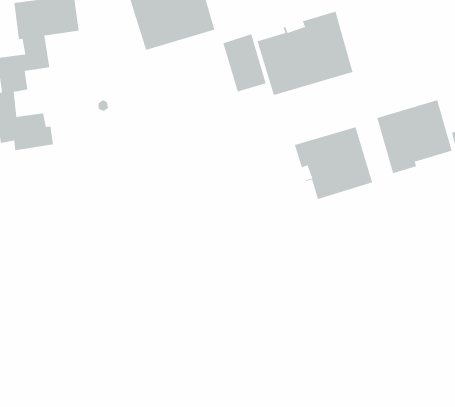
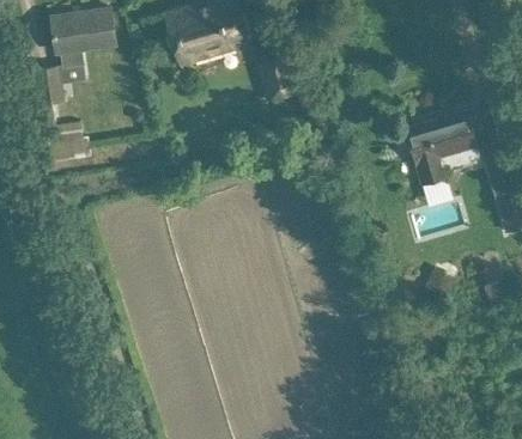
building: [257,11,353,96] -> none
building: [294,127,373,200] -> none

